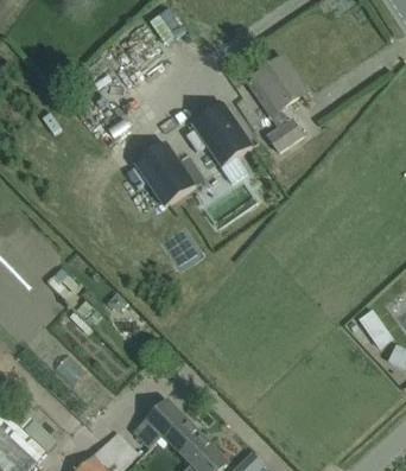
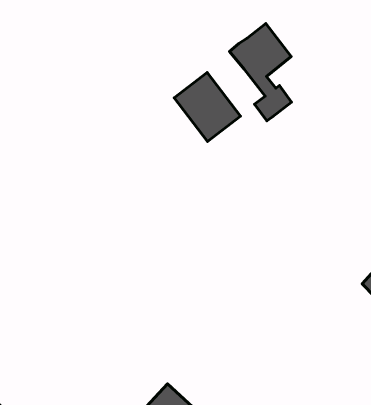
building: [137,142,195,204] -> none

